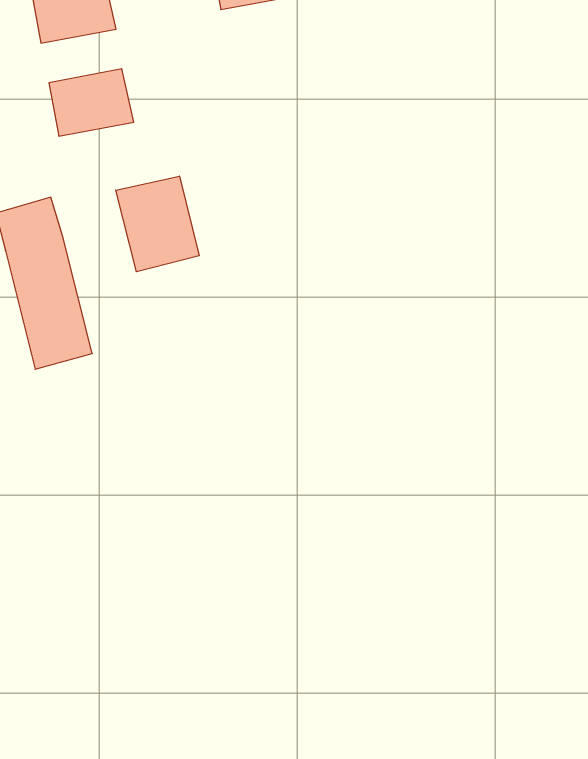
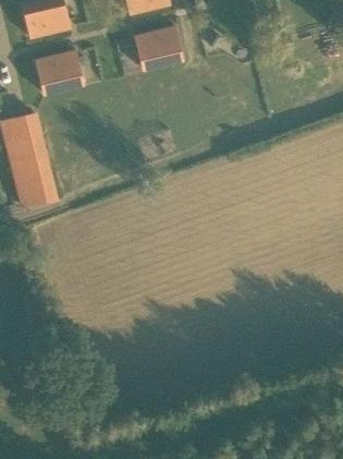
building: none -> [133,26,179,63]
building: [116,176,199,272] -> none

